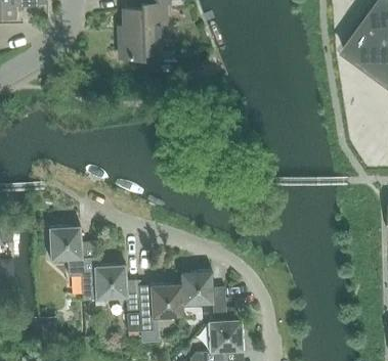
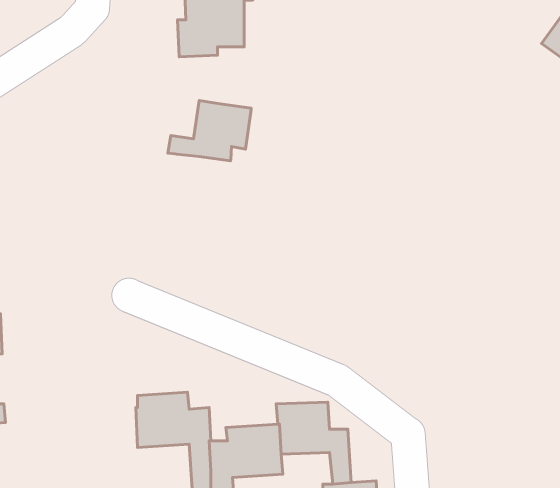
building: none -> [168,101,251,161]
building: [48,228,95,301] -> none

